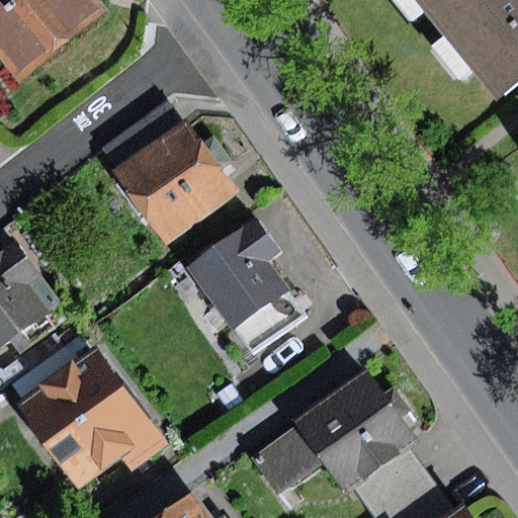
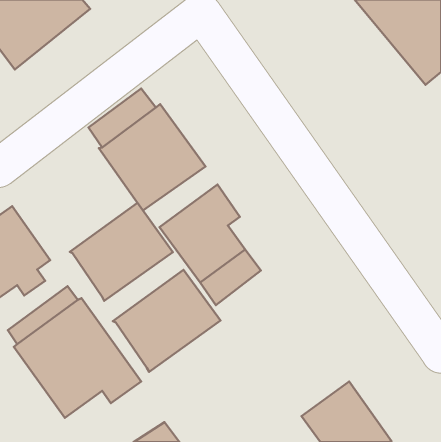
building: none -> [70,203,173,301]
building: none -> [113,270,220,372]
building: [248,374,414,496] -> none

